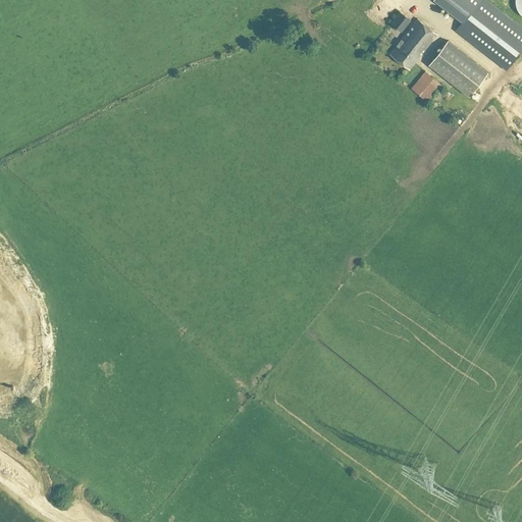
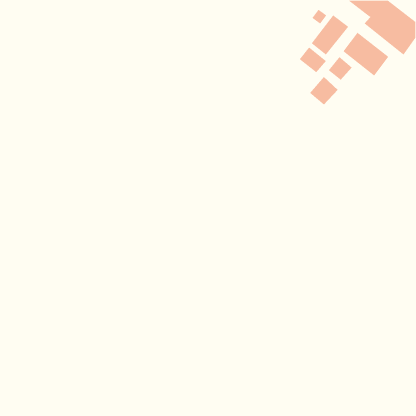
building: none -> [299,46,327,73]
building: none -> [309,76,338,106]

